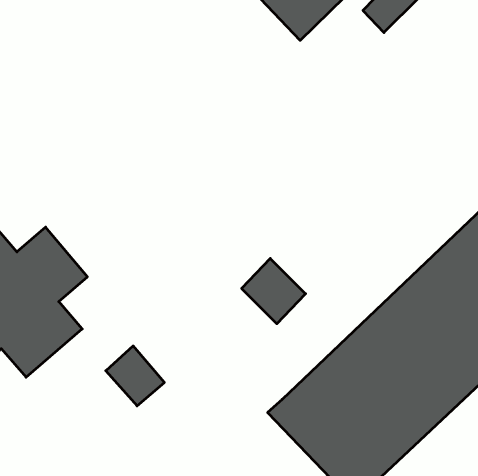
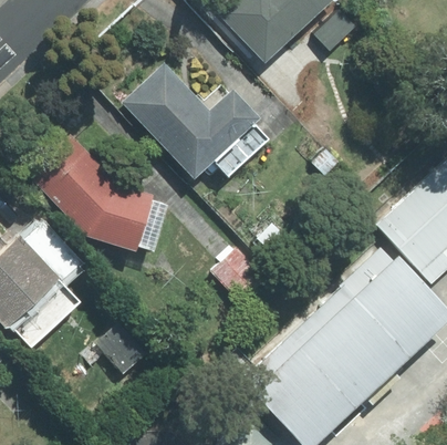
building: none -> [123,61,271,178]
building: none -> [25,134,170,256]

